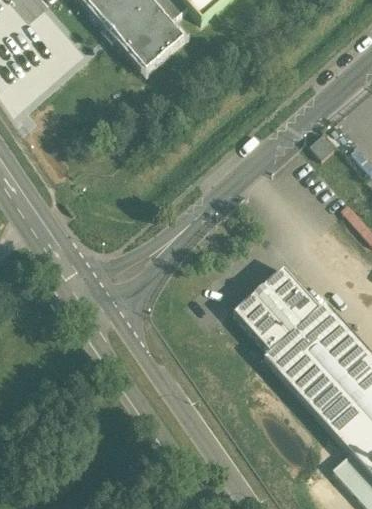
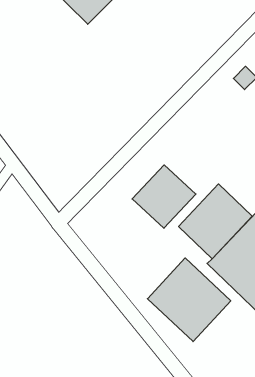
building: none -> [132,165,196,228]
building: none -> [147,258,231,342]

